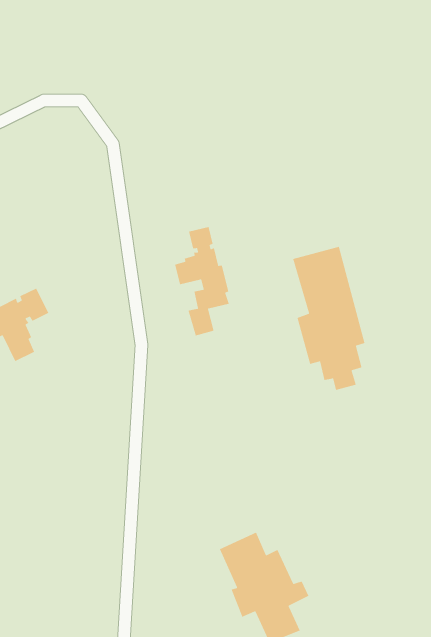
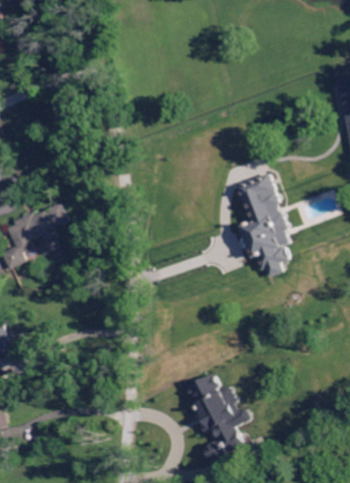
building: [174,226,230,336] -> none

